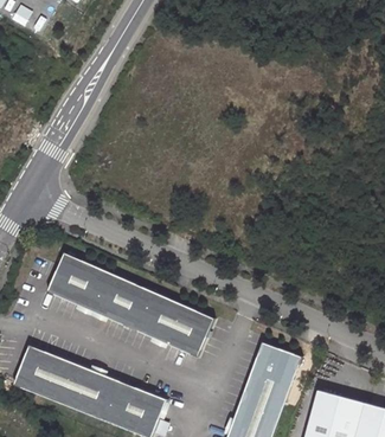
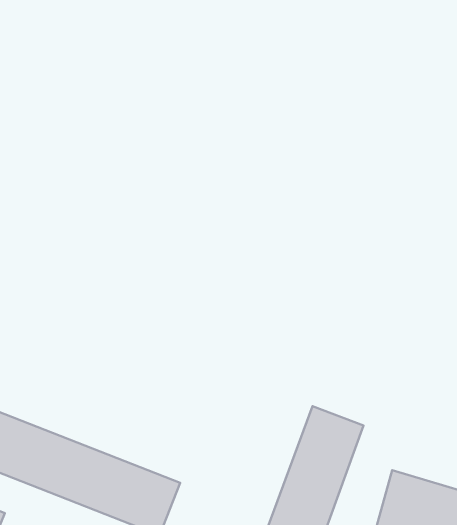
building: [45,252,210,354] -> none

